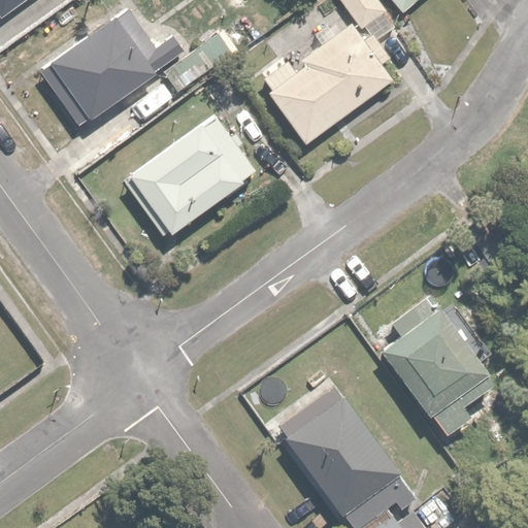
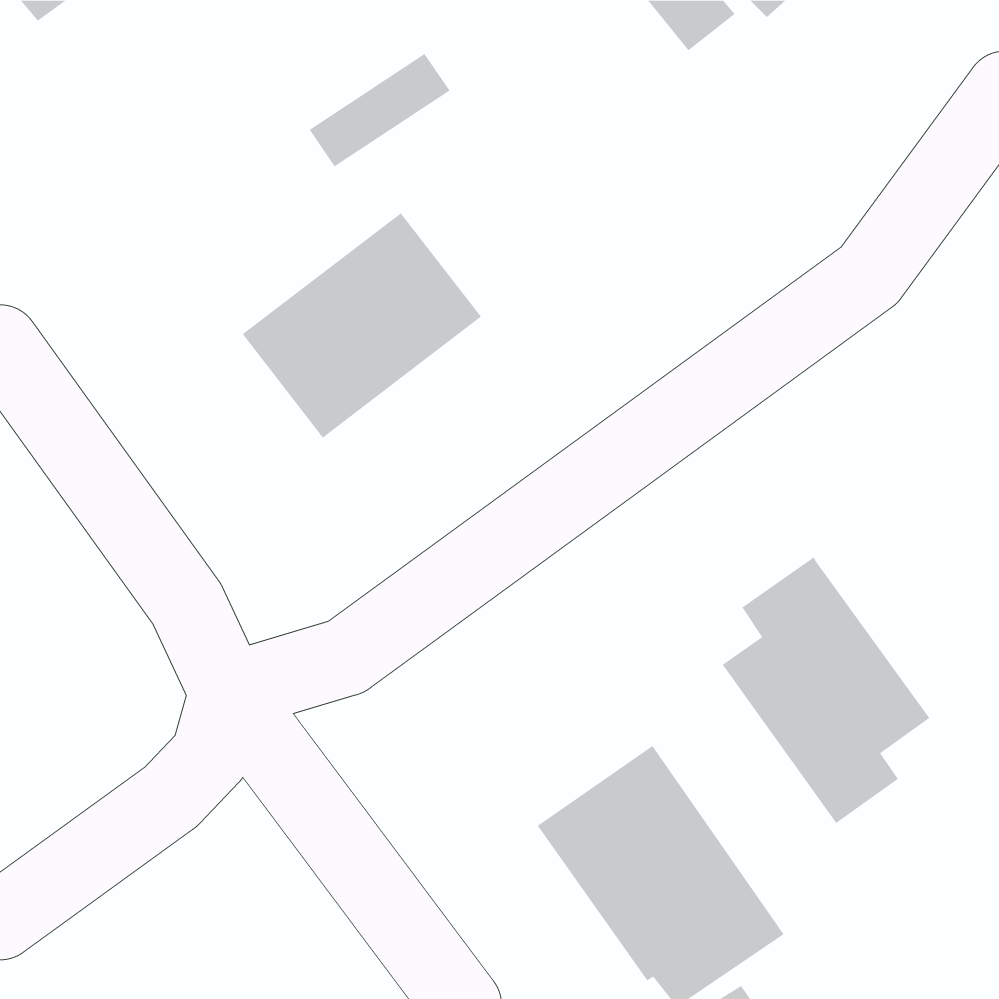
building: [38,9,168,127] -> none
building: [261,25,392,141] -> none

